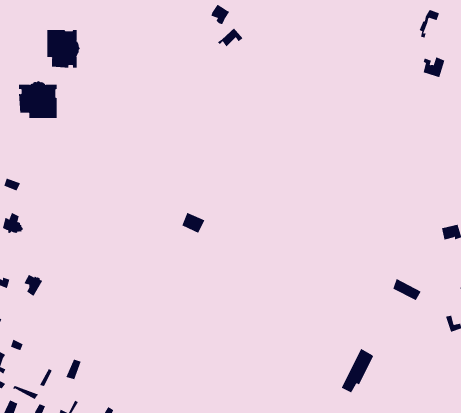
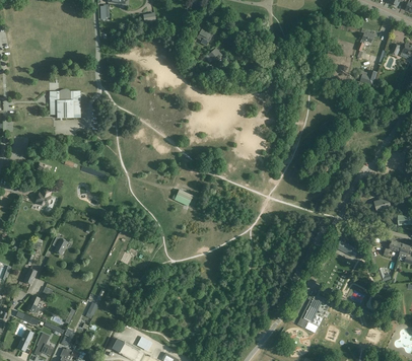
building: [47,29,80,68] -> none

